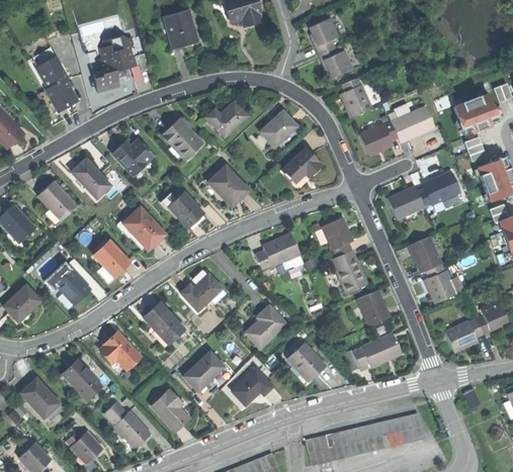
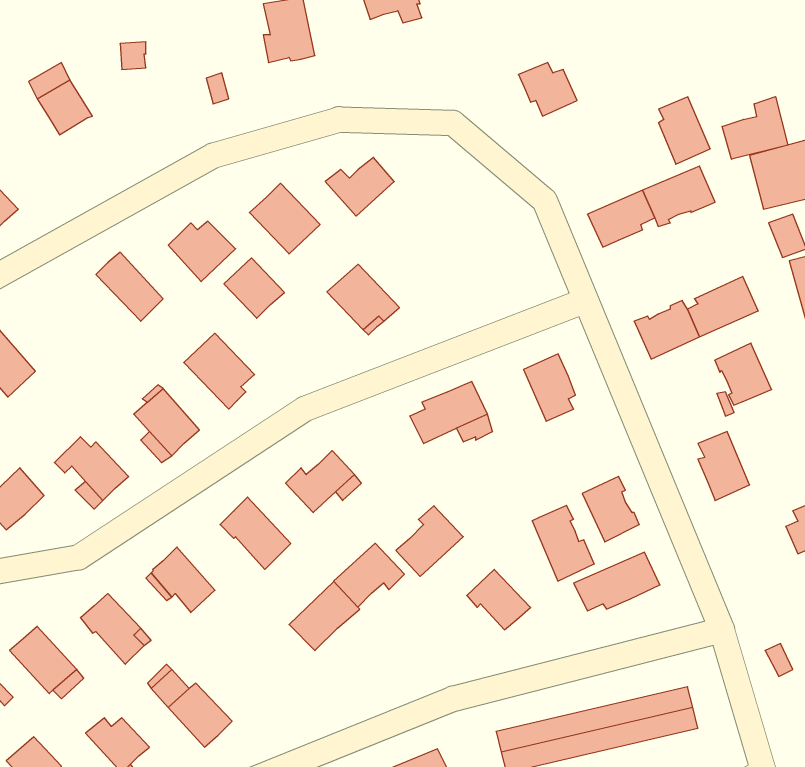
building: [311,17,339,55] -> none
building: [93,35,135,90] -> none
building: none -> [722,97,788,159]
building: [341,78,371,117] -> [659,97,710,164]
building: [47,79,77,110] -> none
building: [260,110,296,147] -> none
building: [282,148,322,182] -> none
building: [37,180,77,220] -> none
building: [168,191,203,226] -> [224,258,284,318]
building: [408,235,441,272] -> [715,343,772,405]
building: [331,250,367,294] -> [532,505,594,581]
building: [444,318,483,351] -> none
building: [232,369,273,406] -> [334,543,404,607]
building: [152,389,190,432] -> none

